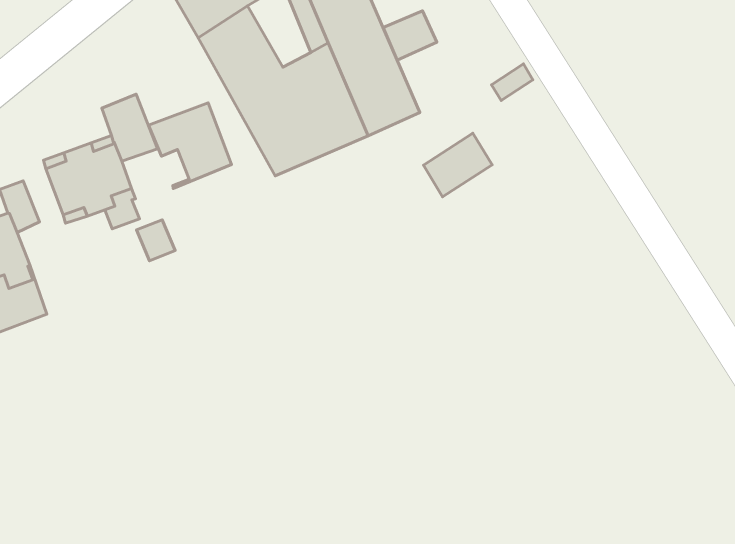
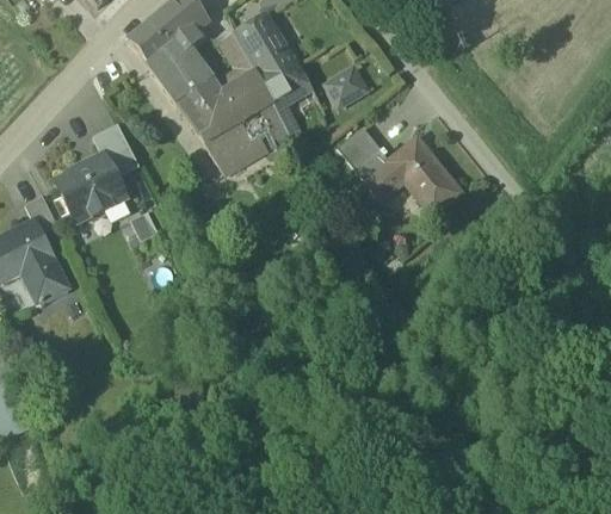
building: [383,11,437,60] -> [326,66,366,104]
building: [148,103,231,188] -> none
building: none -> [368,138,461,215]

